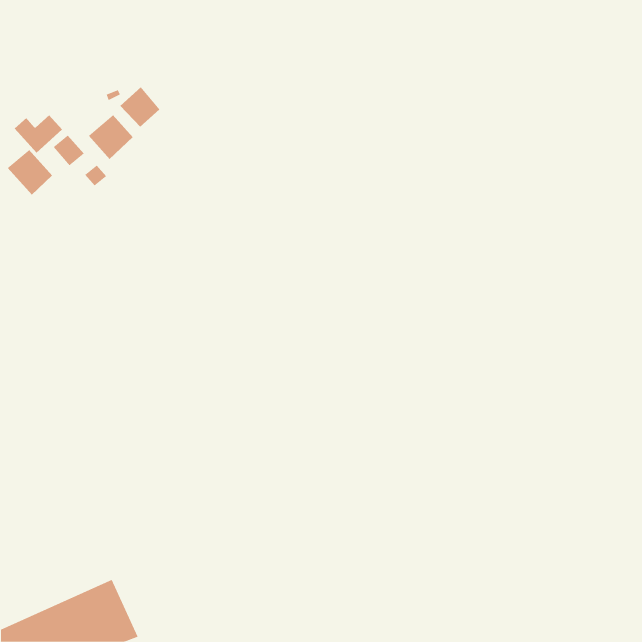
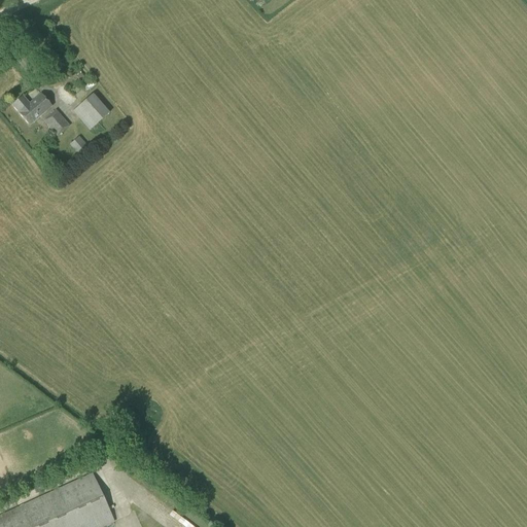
building: [119,87,160,128] -> none
building: [7,149,53,196] -> none

